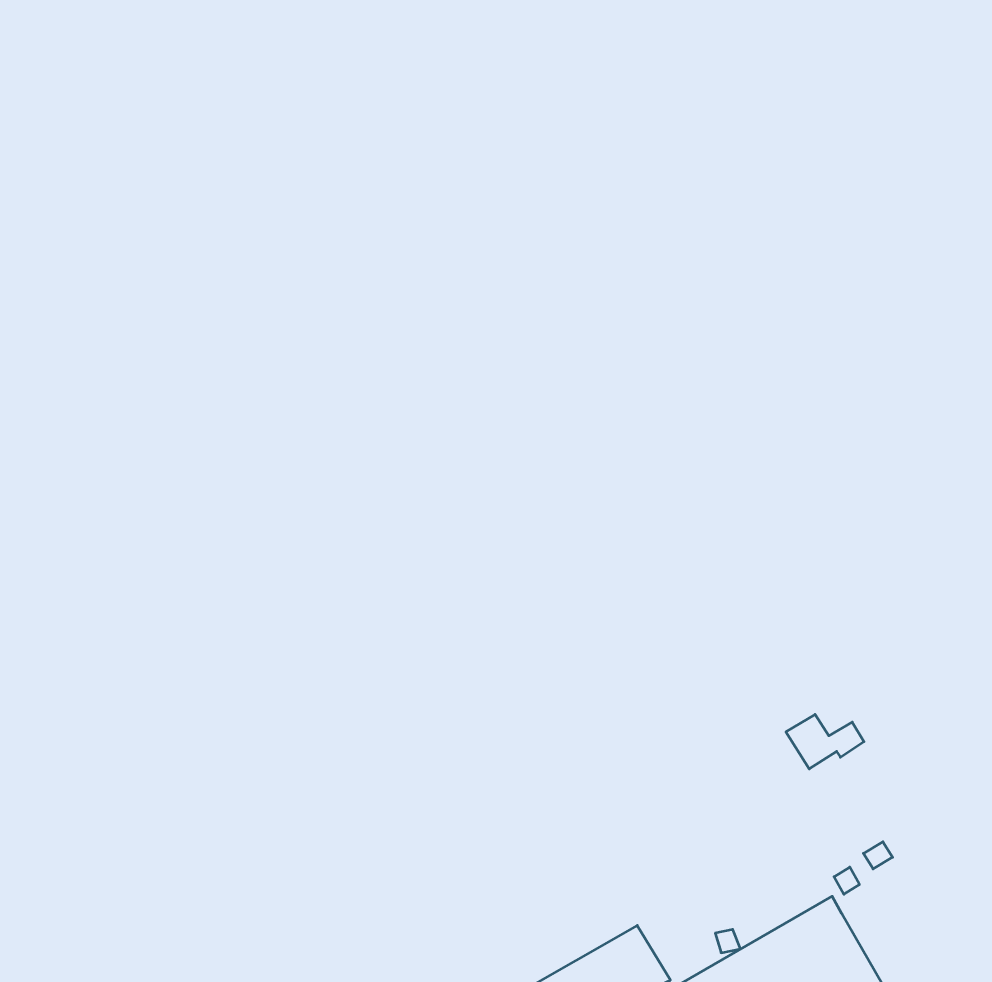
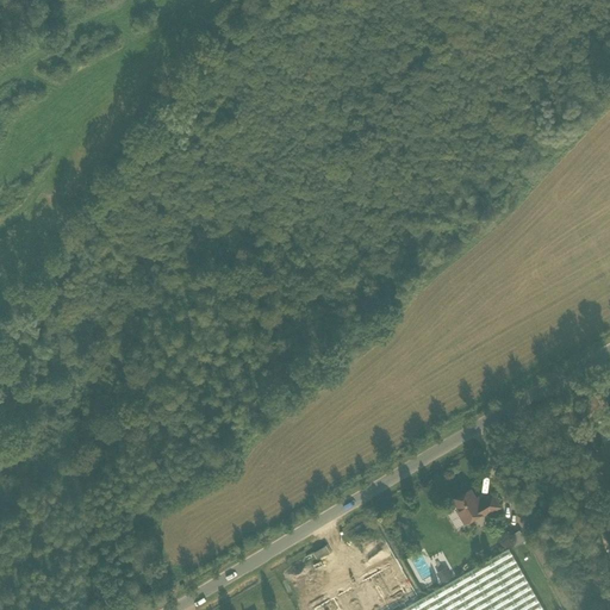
building: [786,714,864,769] -> [455,498,503,531]

